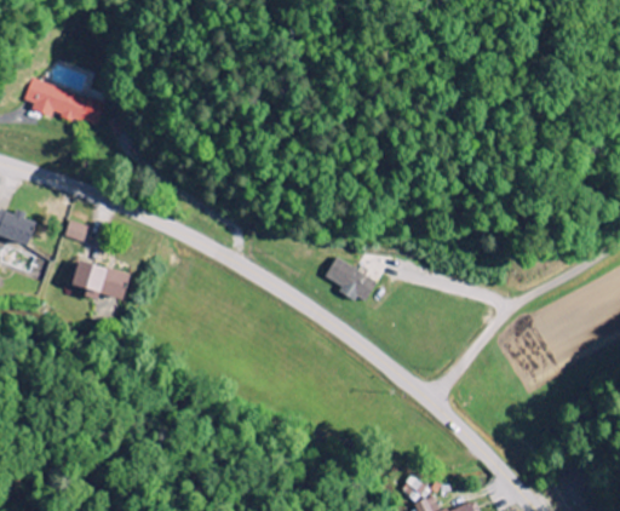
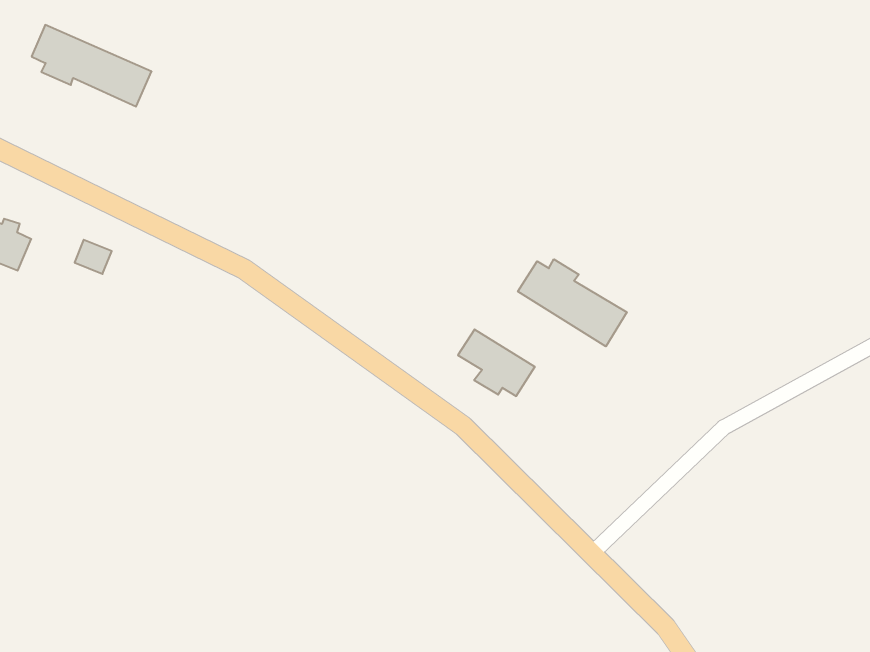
building: none -> [518,259,627,346]
building: [70,259,130,299] -> none

